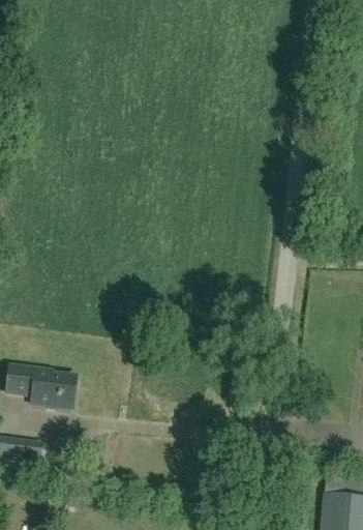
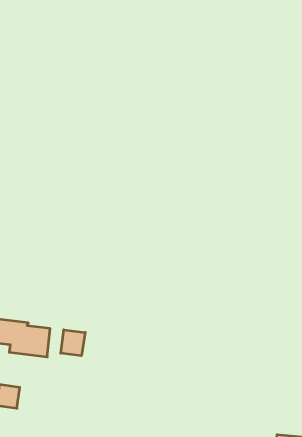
building: none -> [61,330,85,356]

